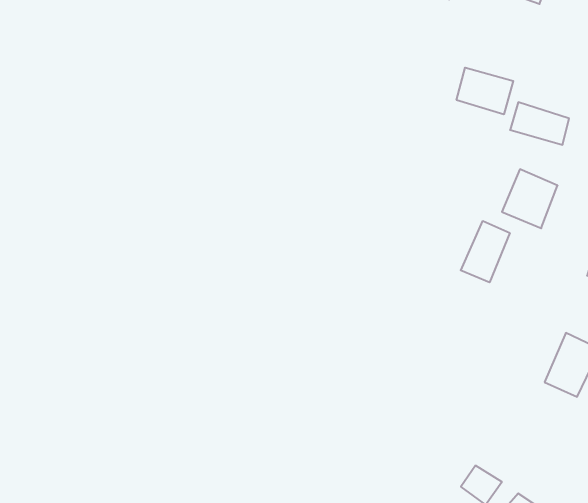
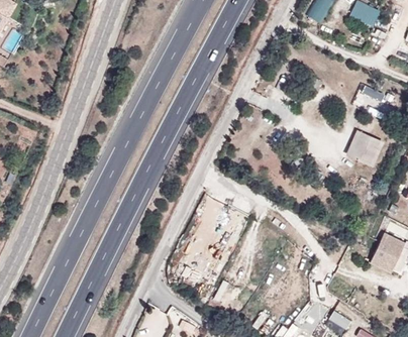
building: [457,68,513,114] -> none
building: [461,221,510,282] -> none

